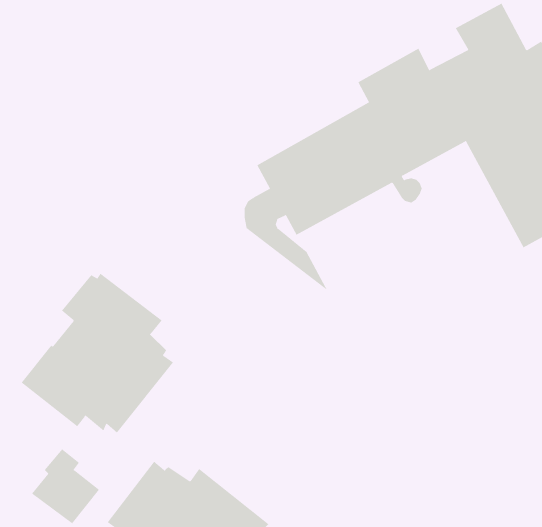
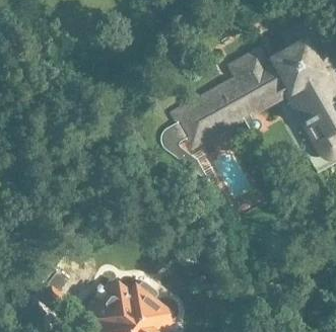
building: [21,273,174,434] -> none

